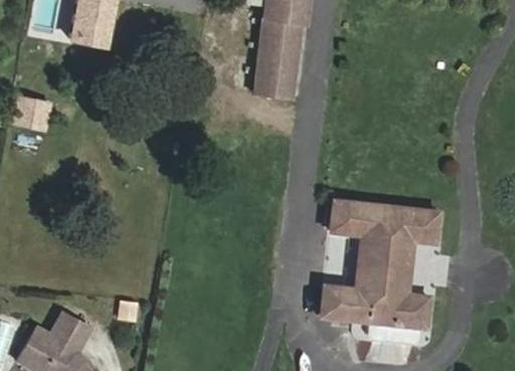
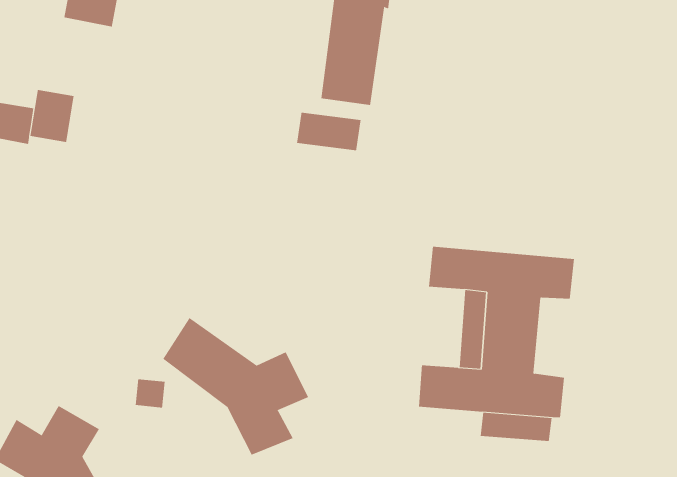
building: none -> [30,89,74,143]
building: none -> [297,112,361,151]
building: none -> [163,317,309,456]

